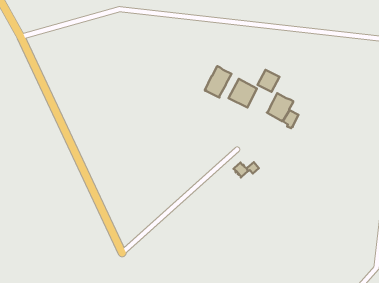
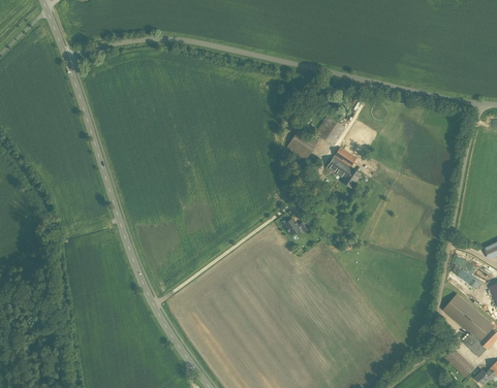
building: [205,66,231,97] -> none

